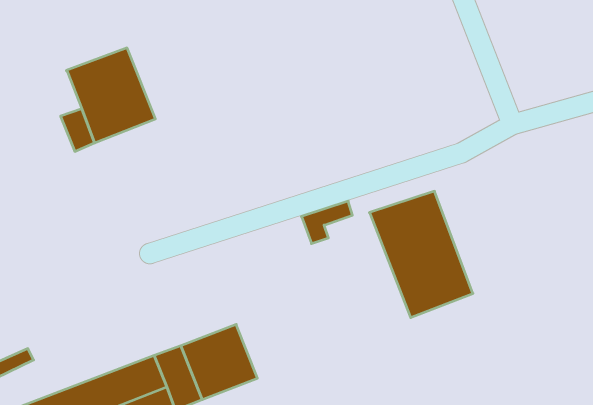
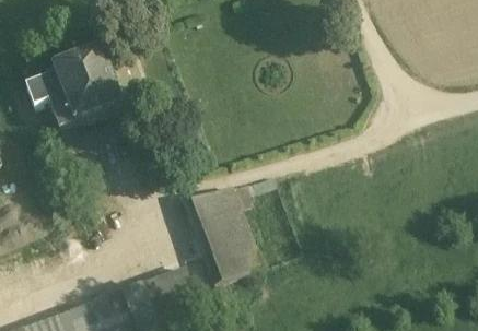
building: none -> [26,68,65,107]
building: [369,191,473,318] -> [182,182,261,280]

